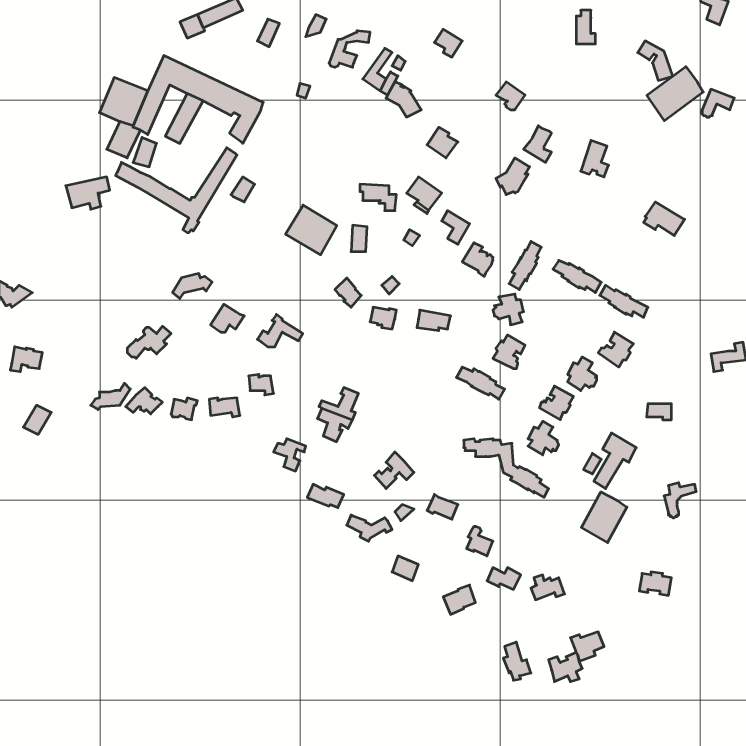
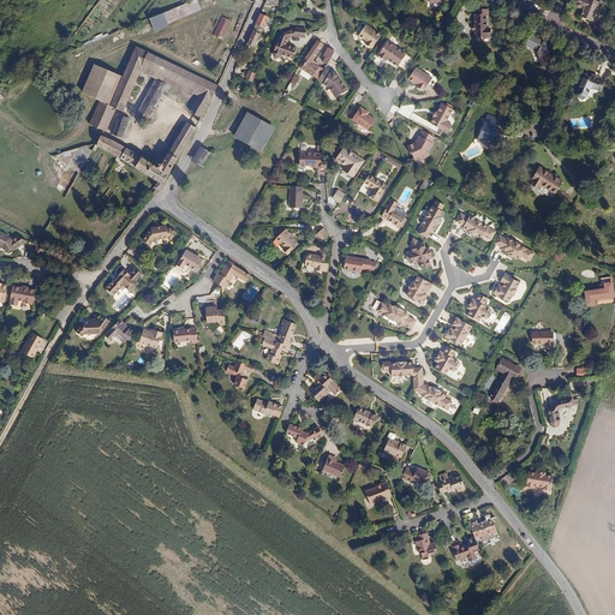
building: none -> [377,41,414,72]
building: [647,67,703,121] -> none
building: [286,205,337,255] -> [232,111,274,151]
building: [581,492,627,543] -> none

